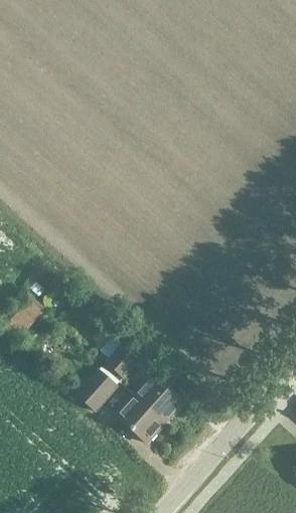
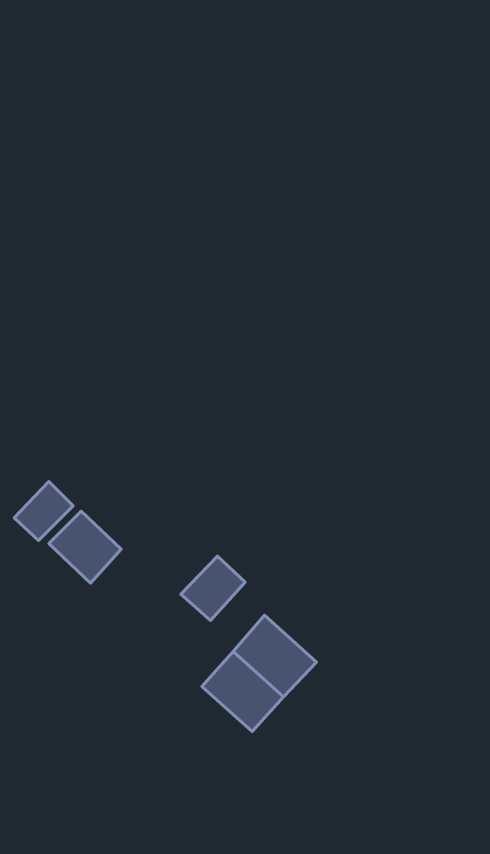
building: none -> [49,511,121,583]
building: [75,367,118,410] -> none

